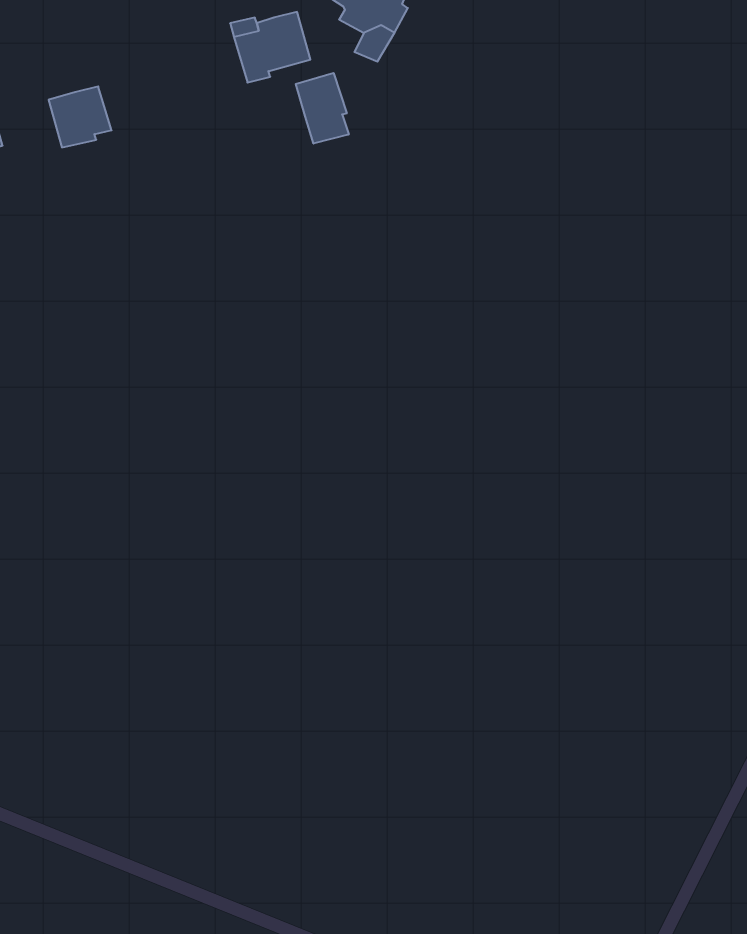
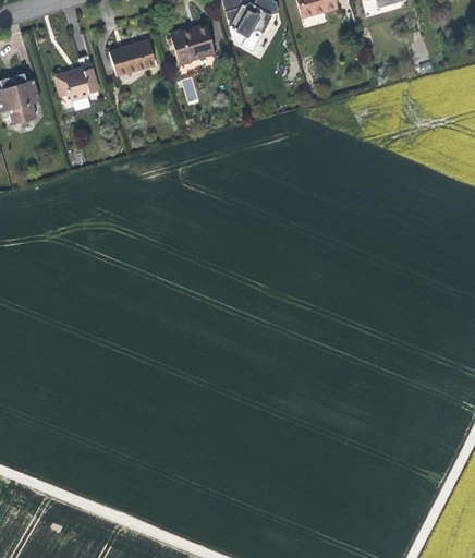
building: none -> [109,41,155,75]
building: [296,73,349,144] -> none

